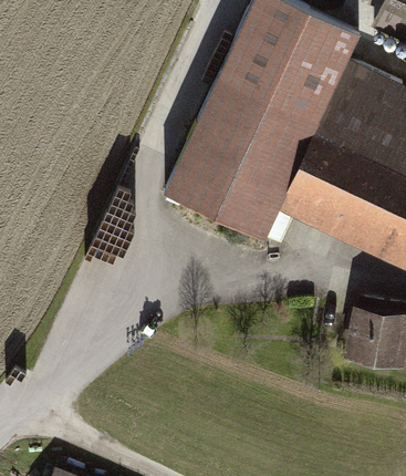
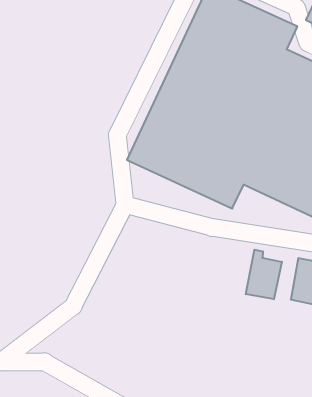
building: none -> [246,250,282,299]

